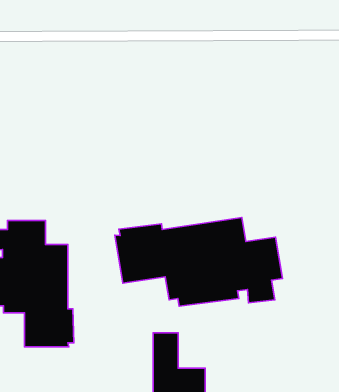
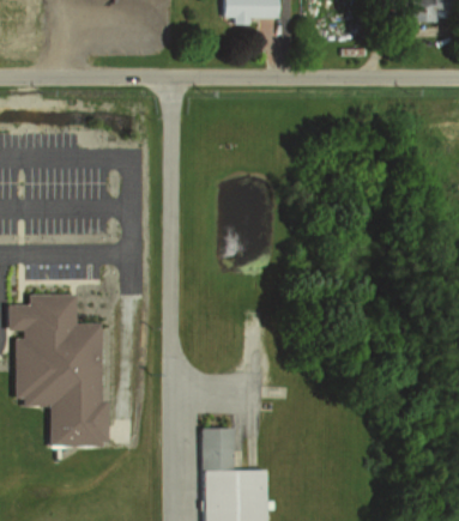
building: [115,218,283,306] -> none

